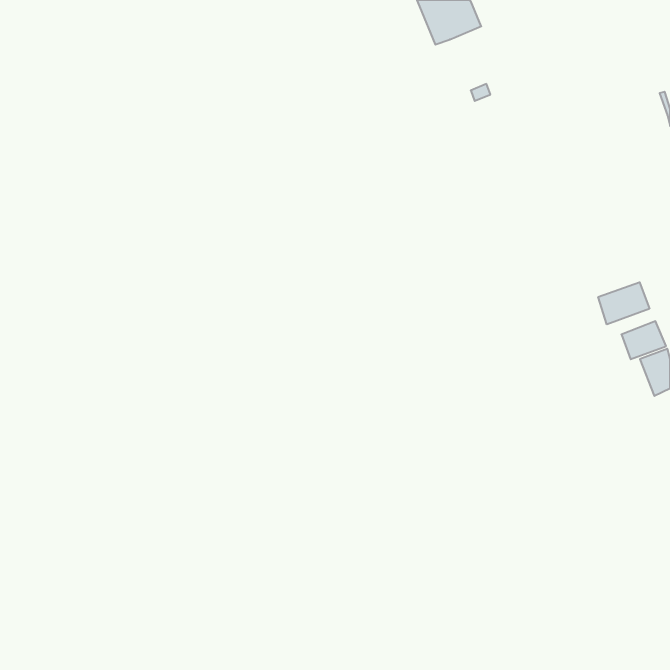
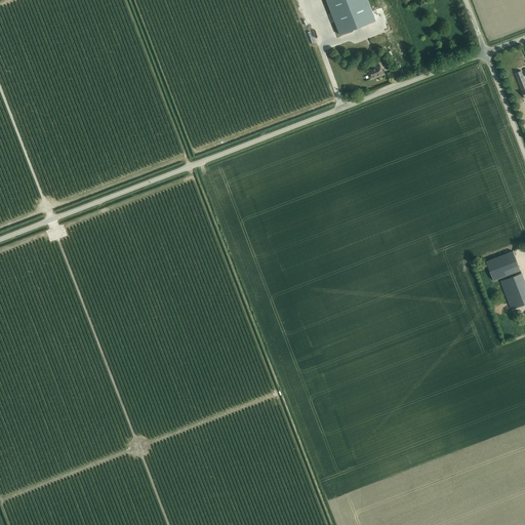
building: [598,282,649,324] -> none

